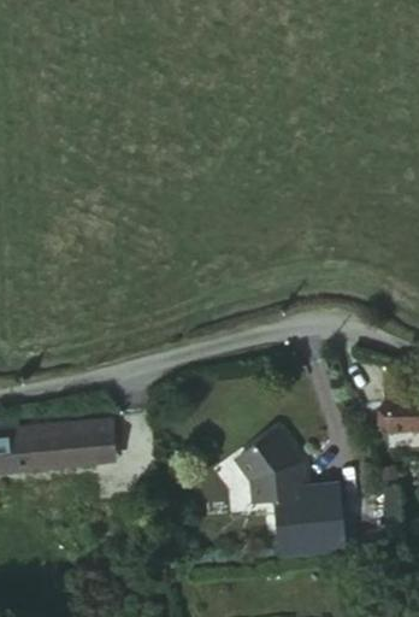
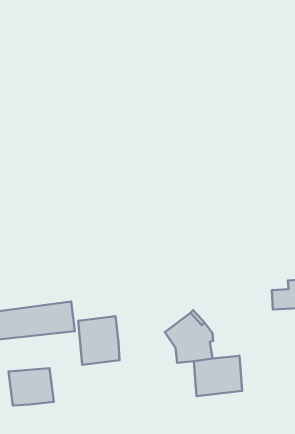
building: none -> [78,316,119,365]
building: none -> [8,368,54,406]

